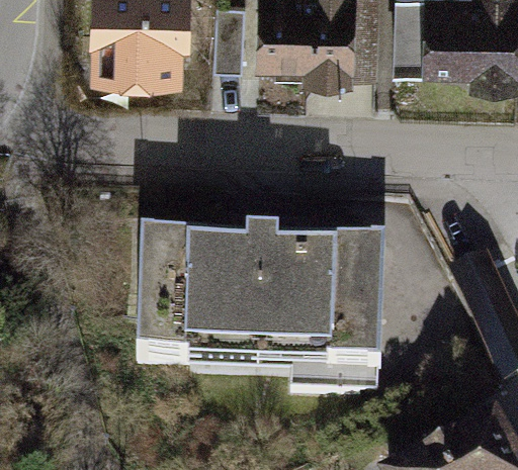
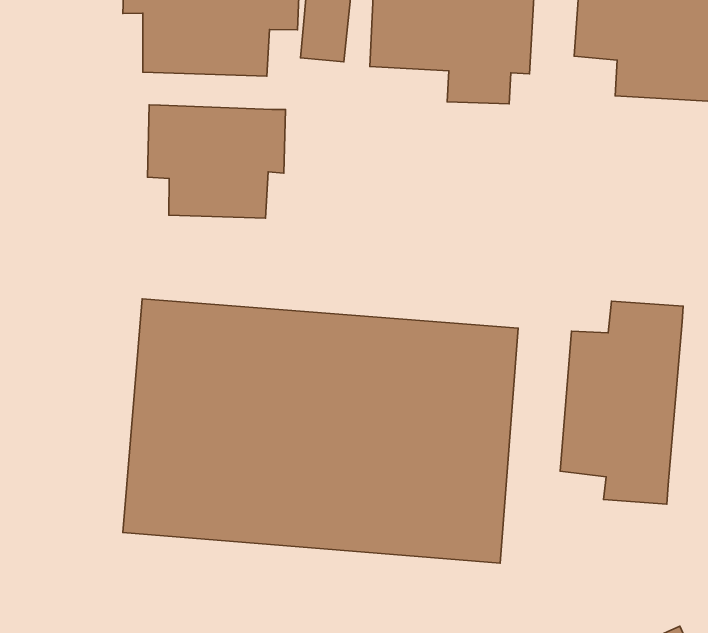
building: none -> [147,105,285,218]
building: none -> [560,301,683,504]

